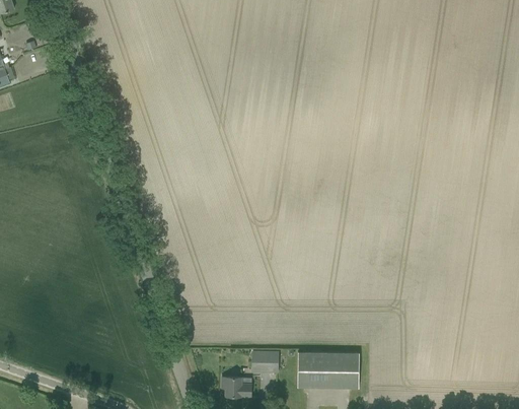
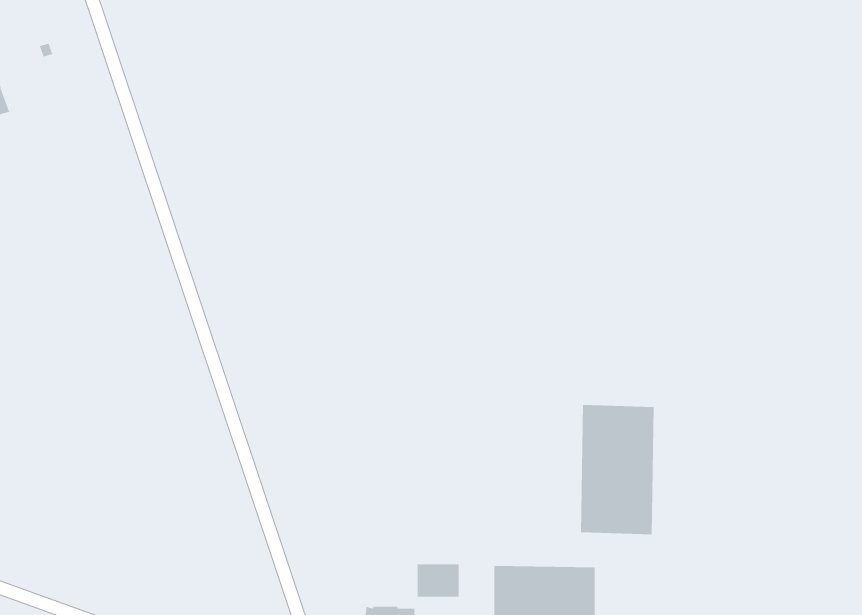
building: none -> [580,404,655,535]

